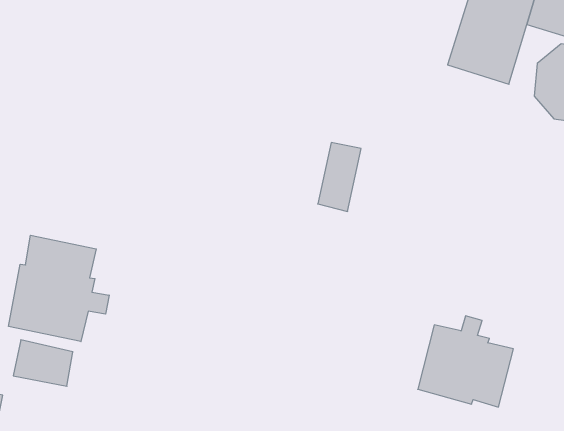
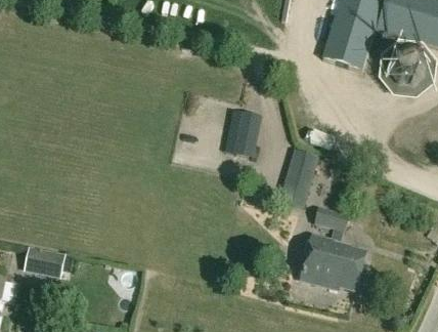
building: none -> [278,147,319,207]
building: [9,235,109,342] -> none
building: none -> [315,205,349,231]

